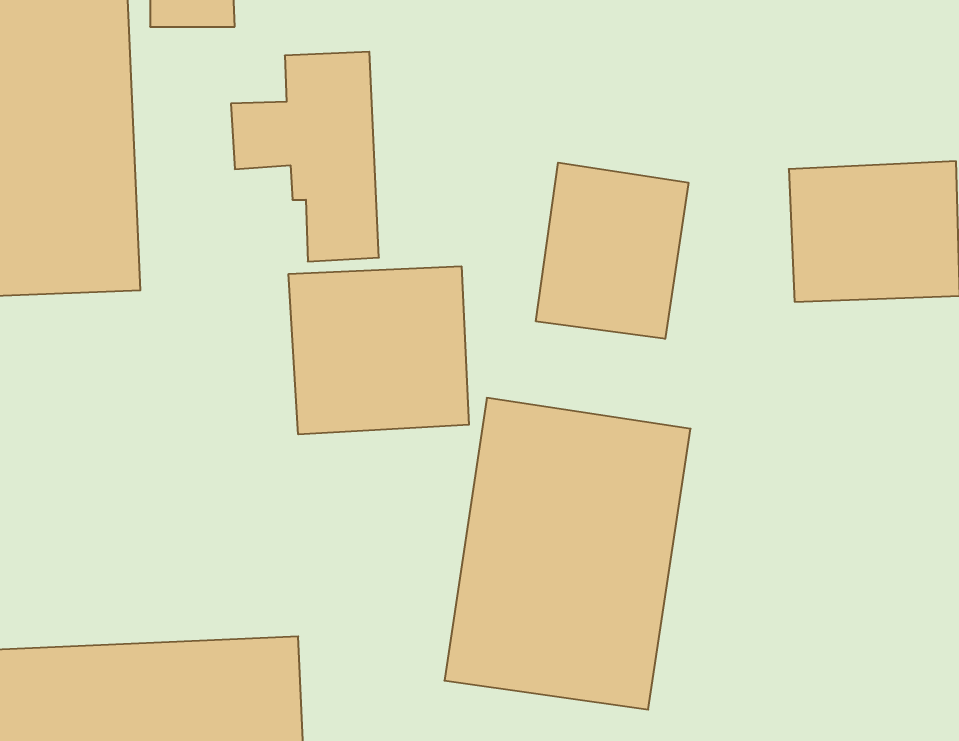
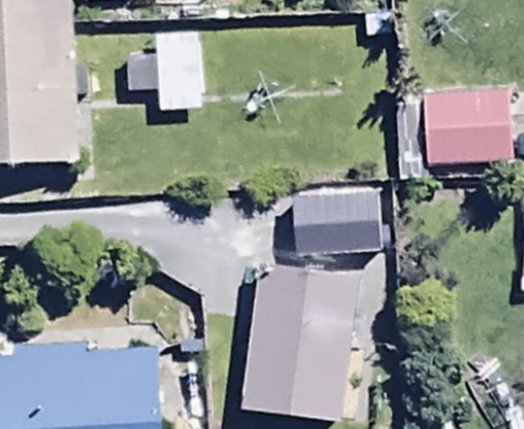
building: [536,163,688,339] -> none
building: [289,266,469,434] -> none

